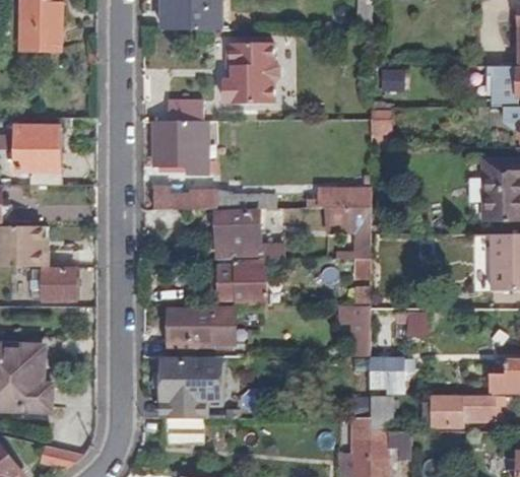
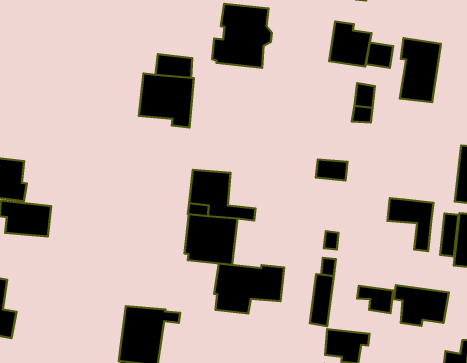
building: none -> [329,21,371,67]
building: none -> [400,38,441,102]
building: [16,126,59,185] -> none
building: [152,185,264,210] -> none
building: [327,208,372,258] -> [387,198,433,251]
building: [166,306,234,357] -> [214,263,284,314]
building: none -> [394,285,449,326]

